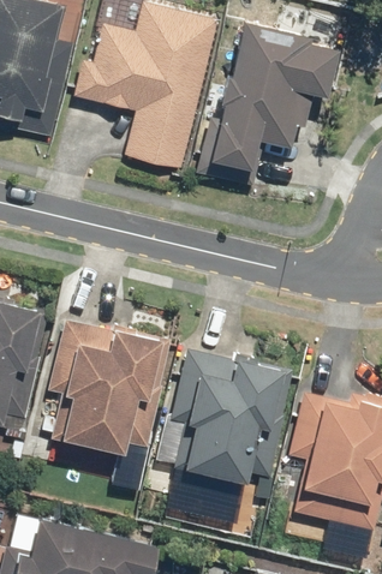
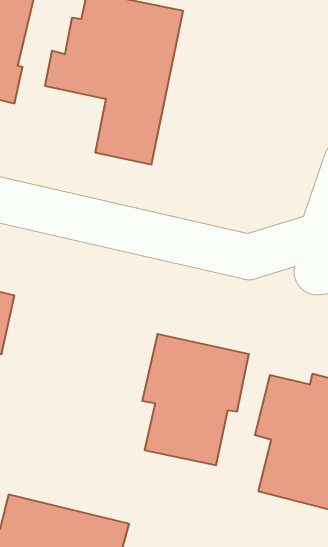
building: [199,22,342,191] -> none
building: [44,318,167,458] -> none

